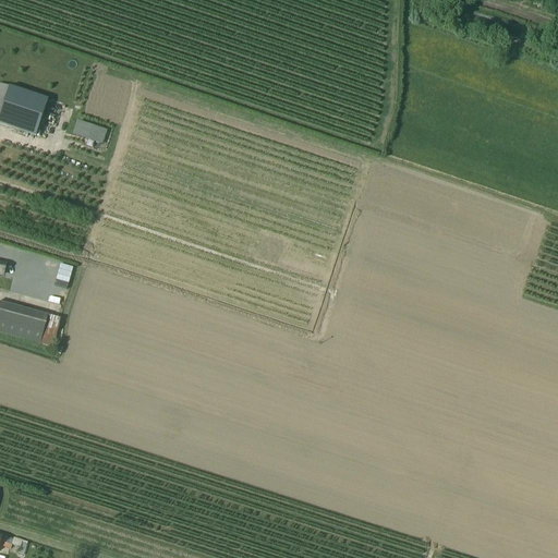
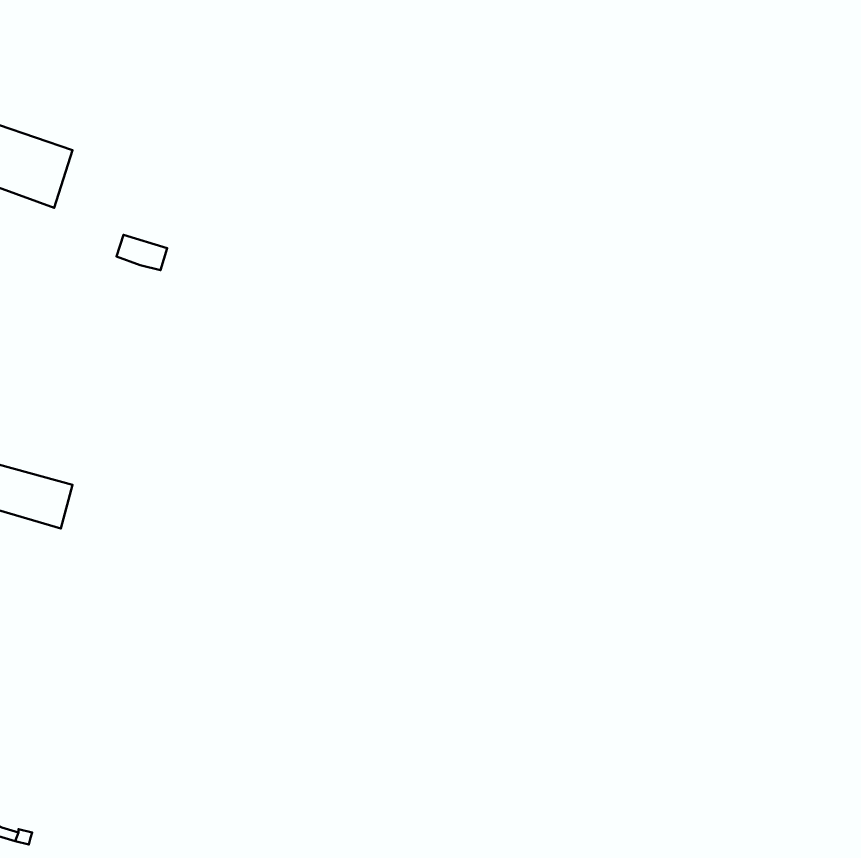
building: [72,119,105,142] -> [117,235,167,270]

